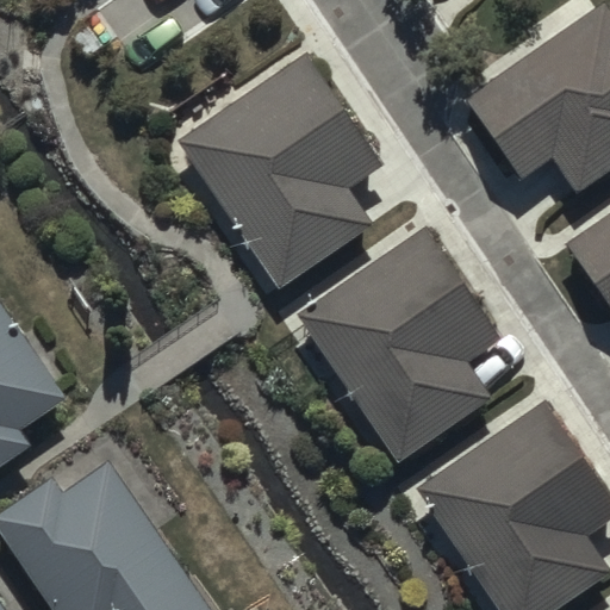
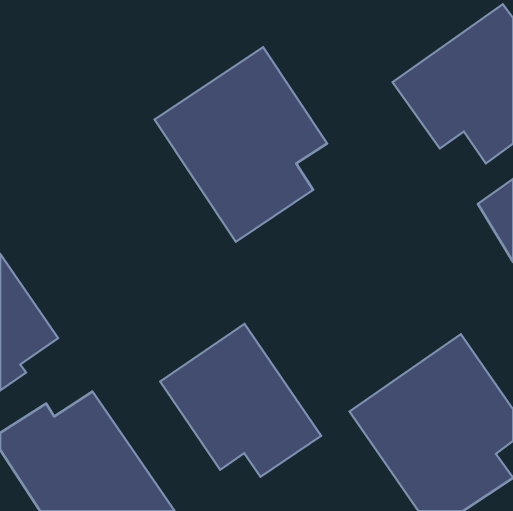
building: [294,226,504,461] -> none
building: none -> [160,324,321,477]

